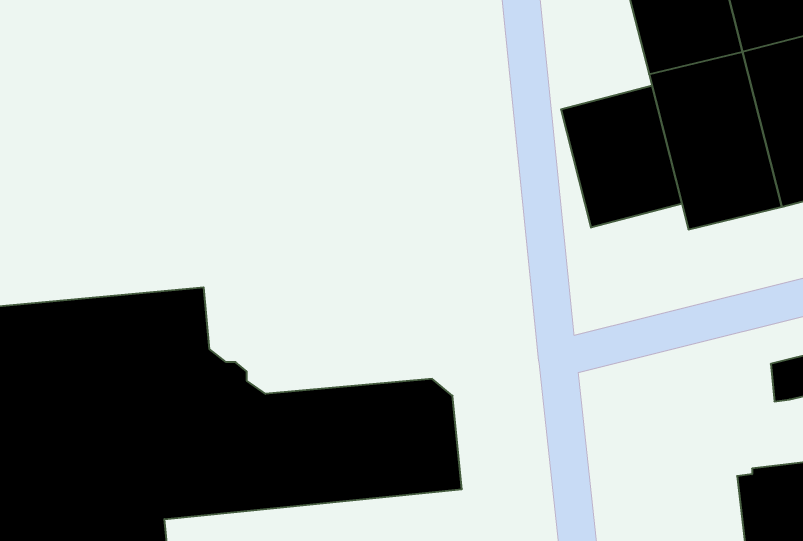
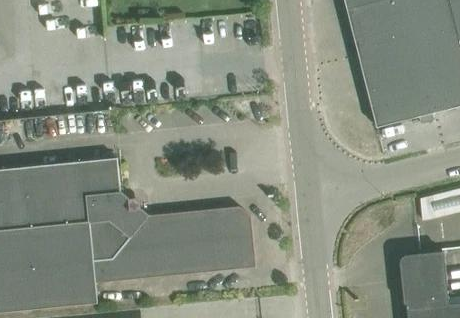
building: [561,85,682,228] -> none

